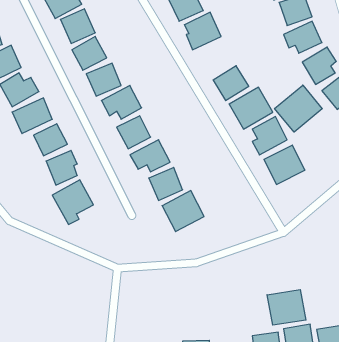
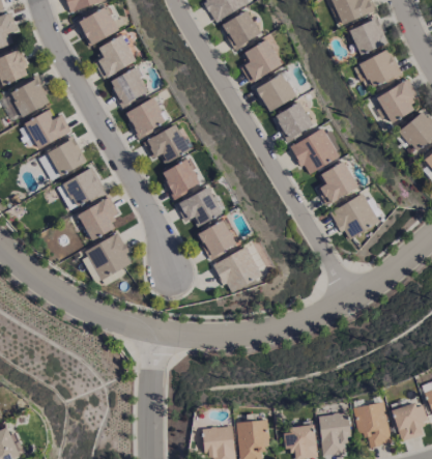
building: none -> [255,71,296,112]
building: [275,85,322,132] -> none
building: [267,290,306,325] -> none

